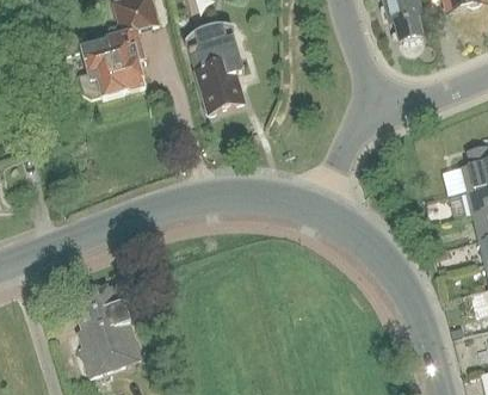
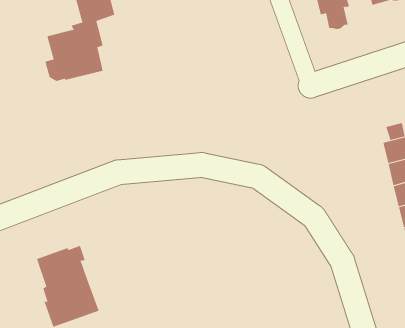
building: [185,25,245,112] -> none

